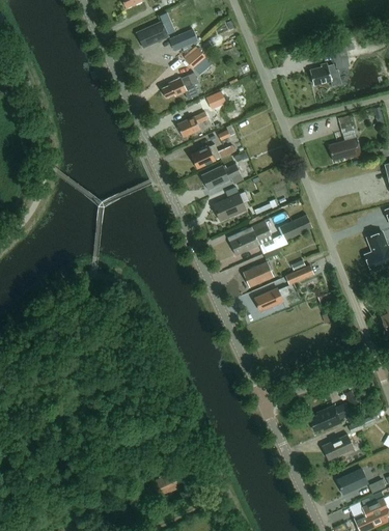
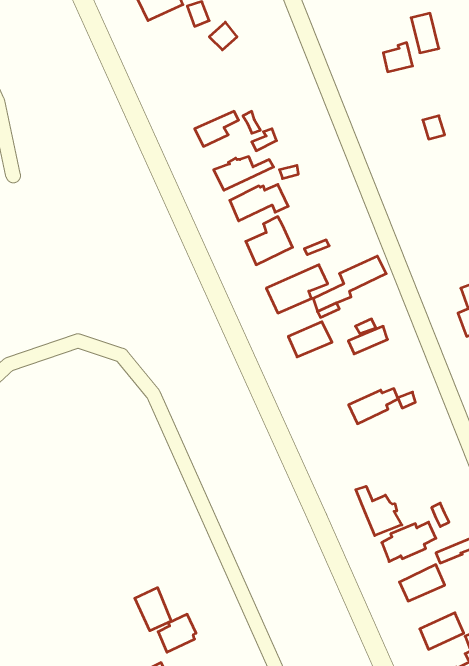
building: [161,75,198,100] -> none
building: [328,137,361,161] -> none
building: [254,286,289,311] -> [349,389,398,424]
building: none -> [356,486,402,536]
building: none -> [135,588,171,631]

